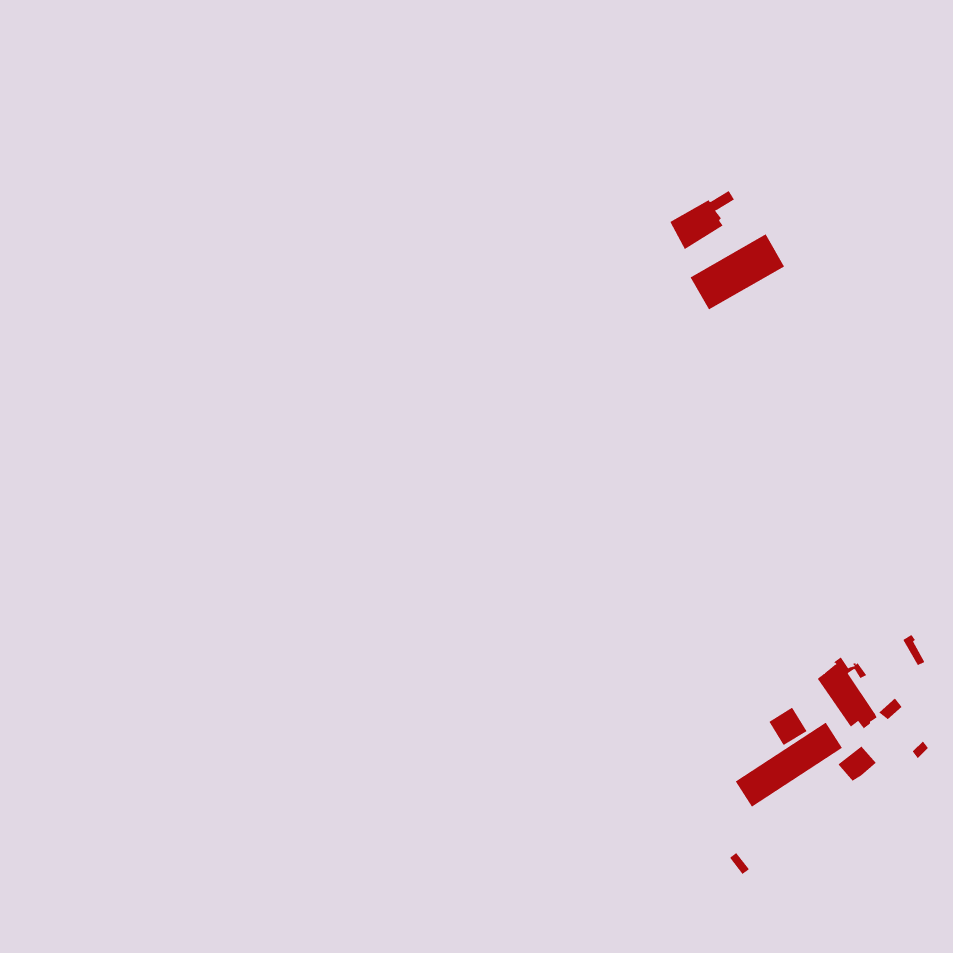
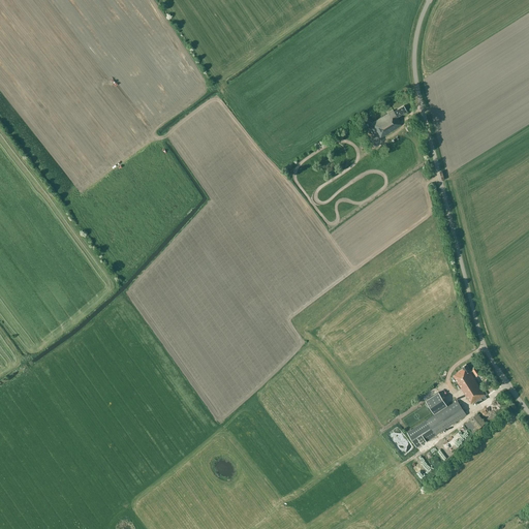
building: [690,234,785,310] -> none

